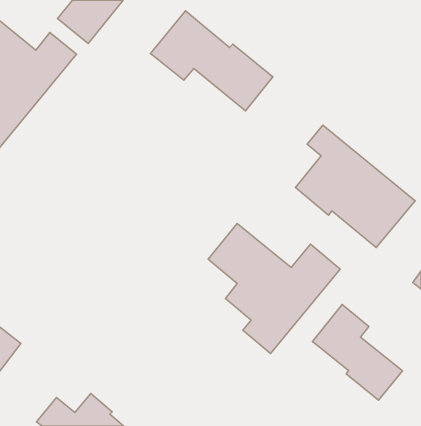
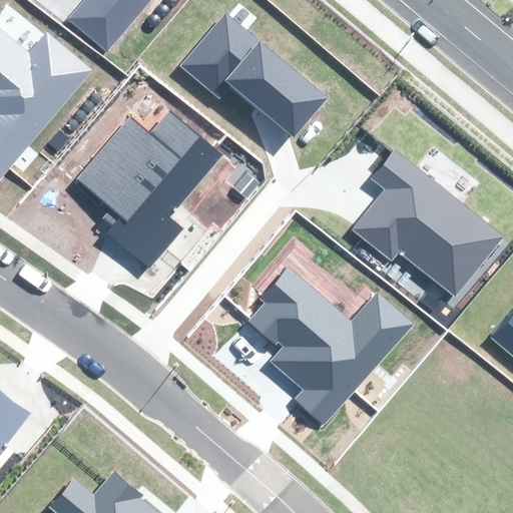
building: none -> [78,110,221,264]
building: [312,304,403,400] -> none

